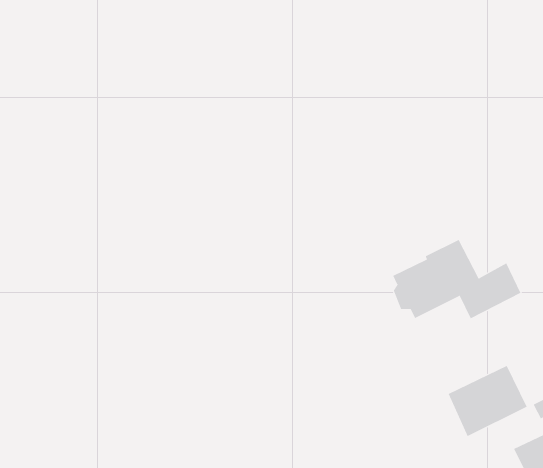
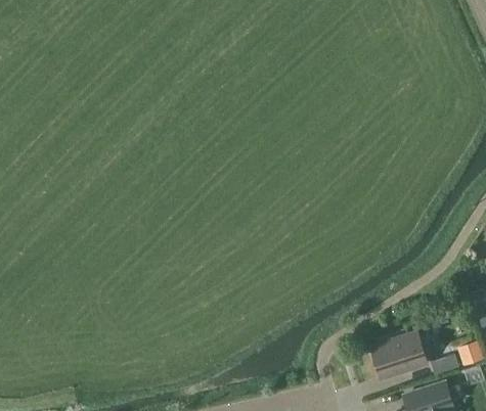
building: [393,239,521,319] -> none

